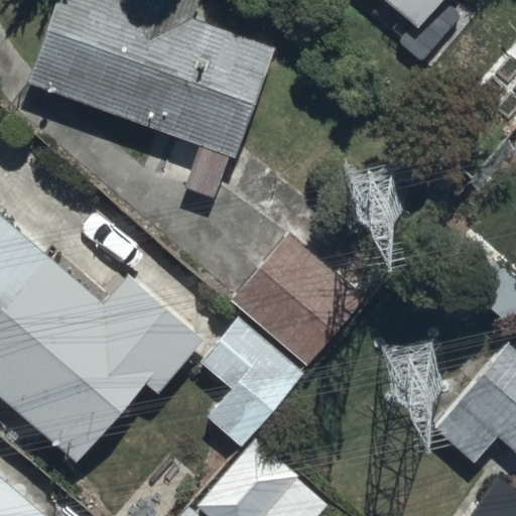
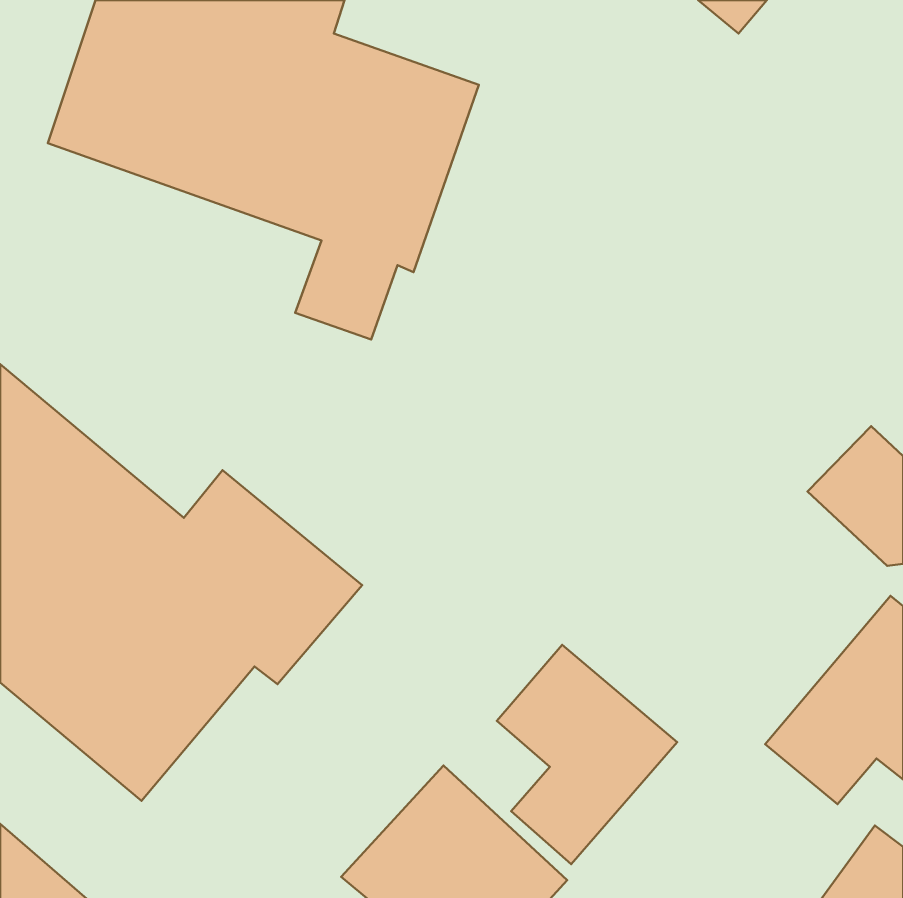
building: [231,236,361,365] -> none
building: [201,319,303,444] -> [497,645,677,864]

